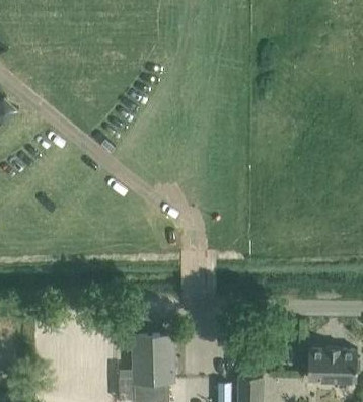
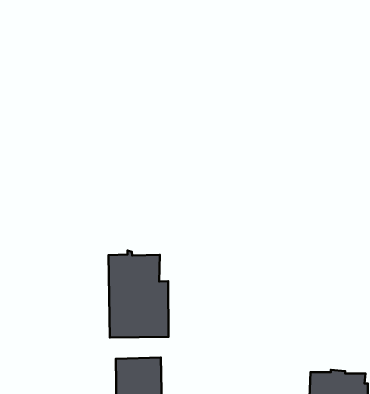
building: none -> [109,251,168,337]

